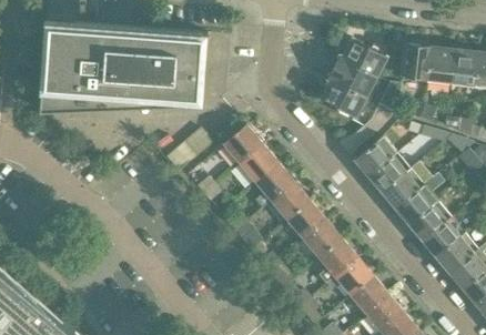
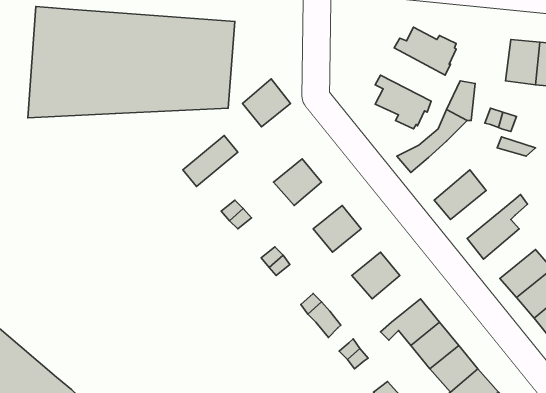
building: [402,45,431,82] -> none
building: [325,55,377,99] -> none
building: [223,125,262,164] -> [242,79,290,127]
building: [354,138,397,179] -> none
building: [382,163,433,210] -> none
building: [255,164,294,210] -> none
building: [286,202,325,240] -> none
building: [408,202,450,242] -> none
building: [318,240,357,285] -> none

